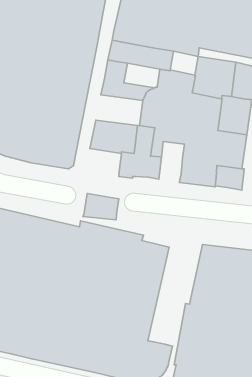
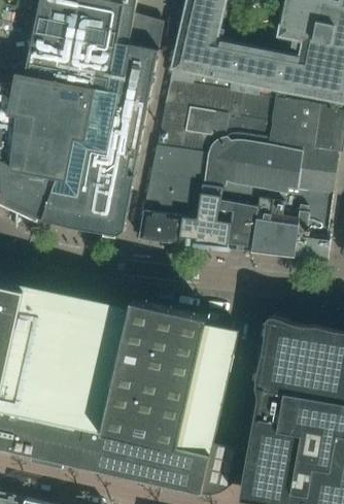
building: none -> [239,93,273,122]
building: none -> [183,107,227,137]
building: none -> [149,145,206,182]
building: none -> [226,202,256,250]
building: [83,194,119,220] -> [137,210,180,242]

